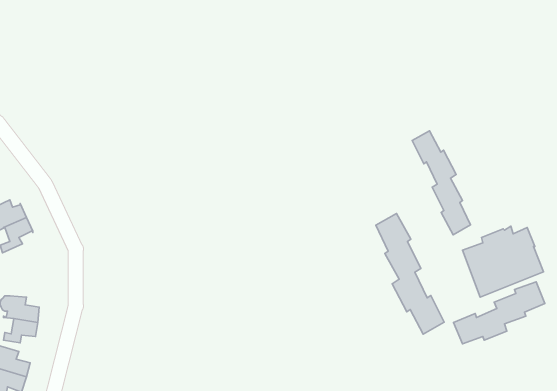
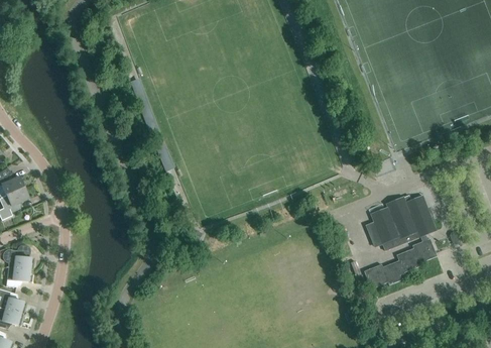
building: [412,131,470,235] -> none
building: [376,214,444,334] -> none

